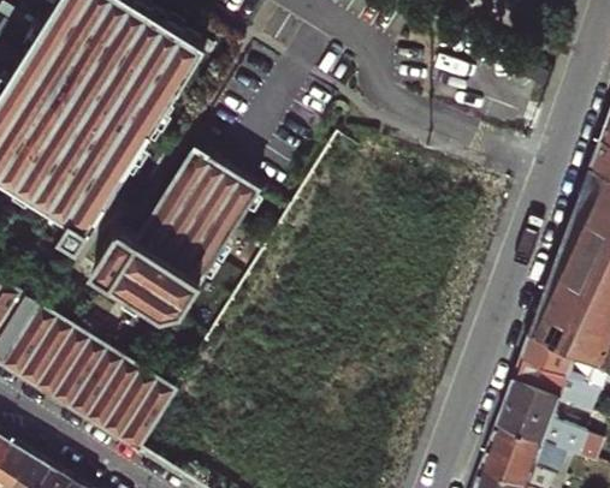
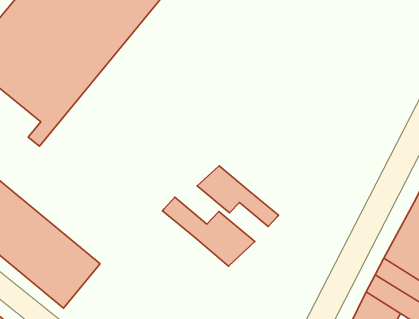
building: [90,143,261,317] -> none
building: none -> [197,166,279,227]
building: none -> [163,197,255,266]

